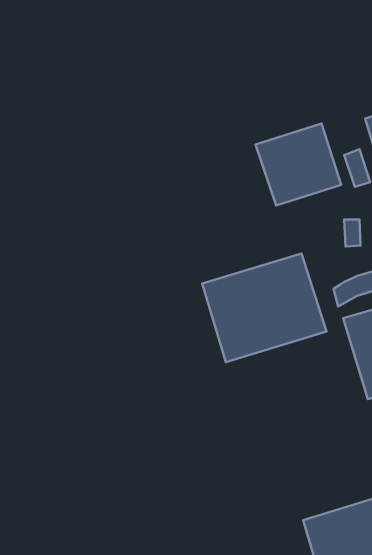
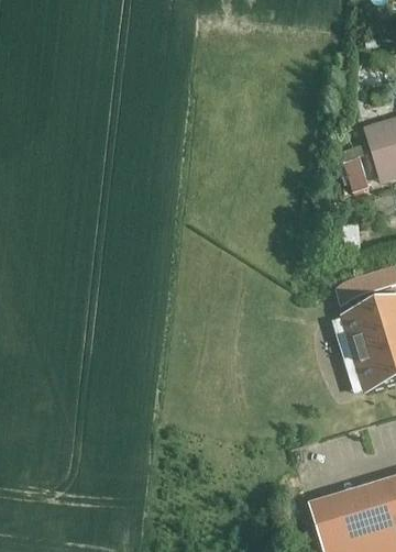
building: [256,123,341,206] -> none
building: [202,254,327,362] -> none

